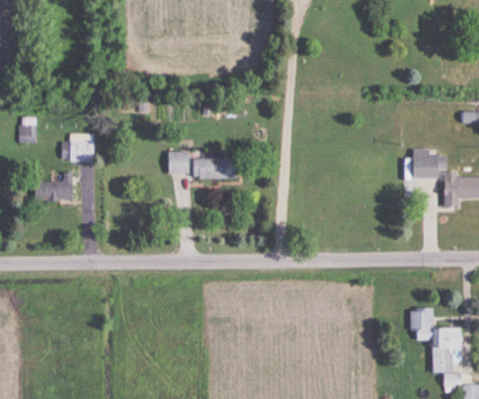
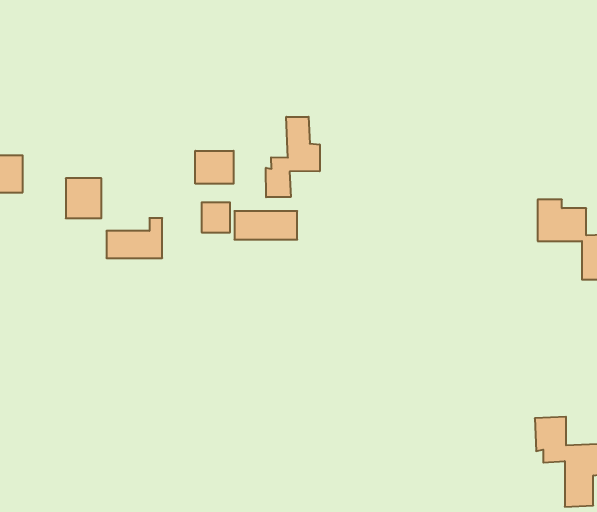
building: none -> [266,117,320,197]
building: none -> [195,151,234,184]
building: [32,171,73,201] -> [106,218,162,258]

